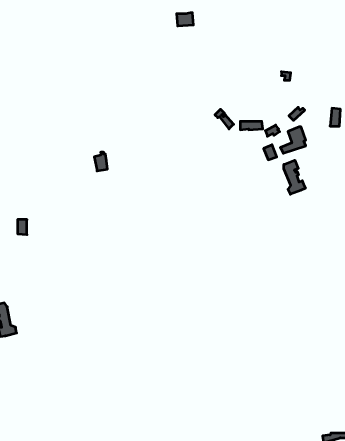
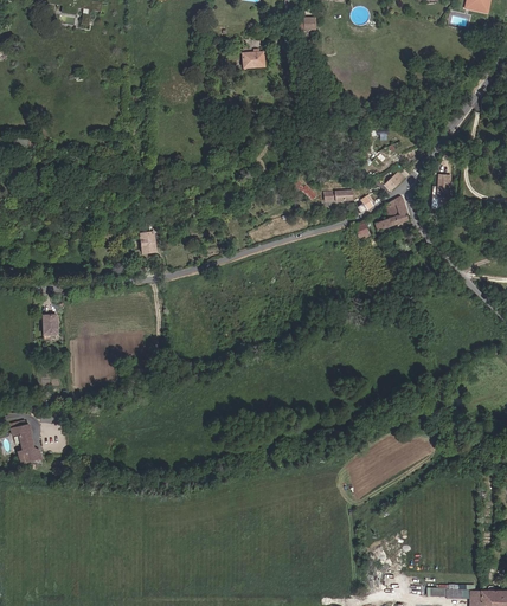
building: [284,160,305,194] -> none

